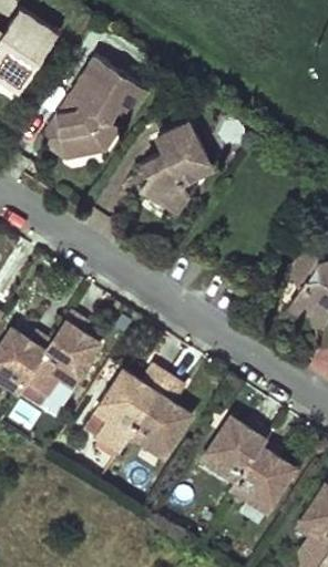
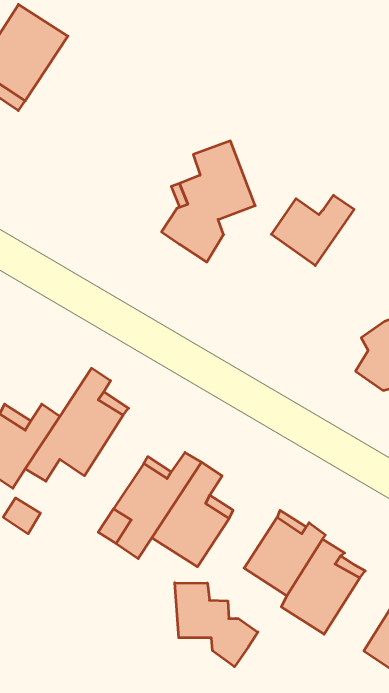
building: [44,55,148,163] -> none
building: none -> [271,195,354,266]
building: none -> [175,583,258,667]

